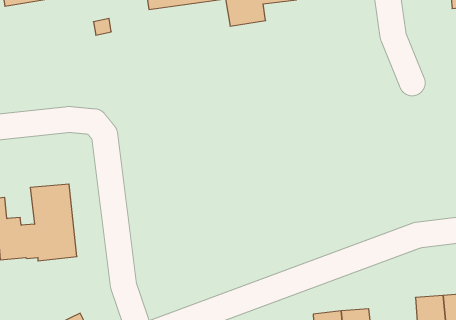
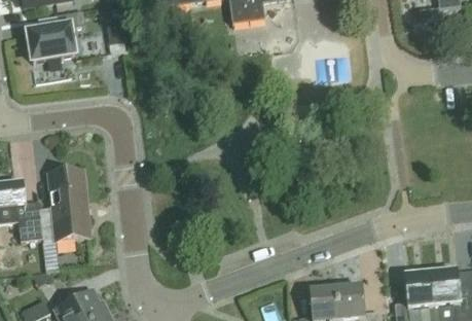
building: none -> [28,11,84,63]

